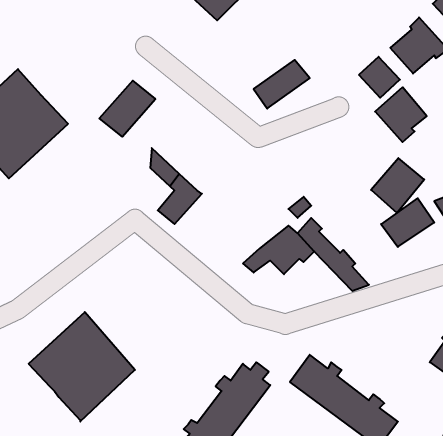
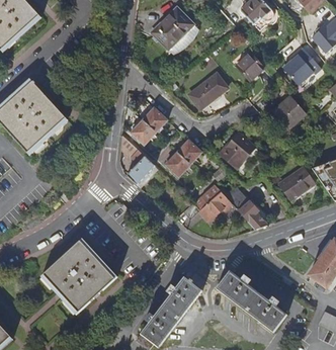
building: [359,57,400,98] -> [237,50,264,77]
building: [99,81,155,137] -> [132,107,169,145]
building: none -> [168,137,204,174]
building: [371,158,424,213] -> [222,132,257,168]

